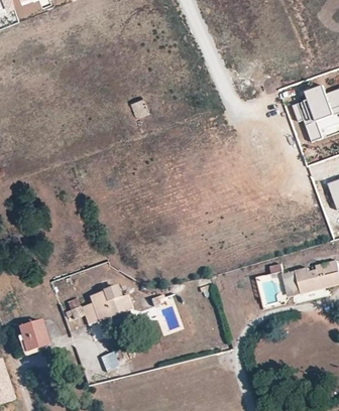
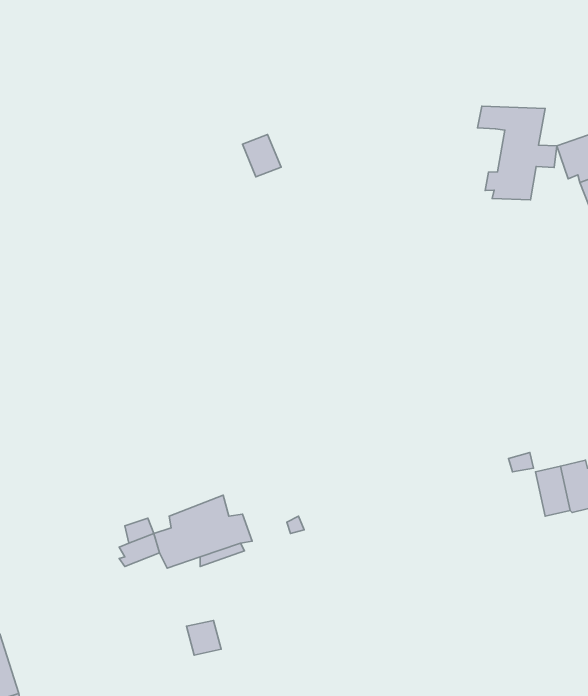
building: none -> [477,106,557,200]
building: [18,321,49,353] -> none

